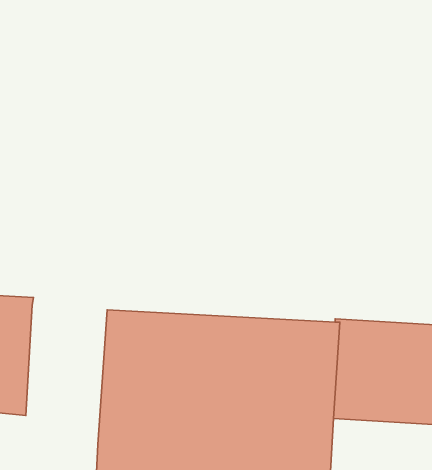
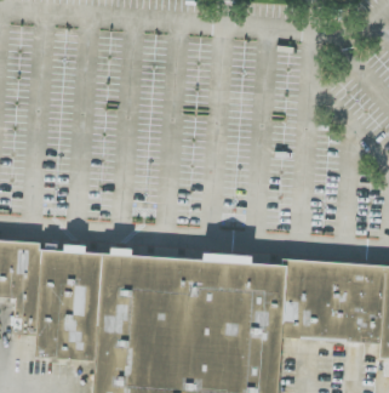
building: none -> [35,249,102,359]

